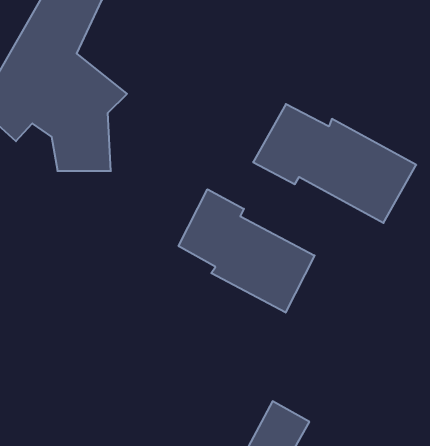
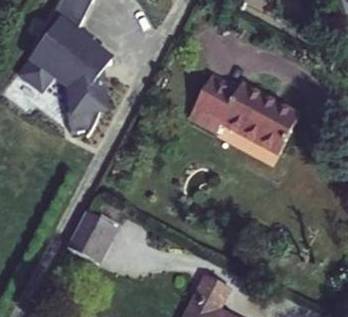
building: [179,189,315,313] -> none
building: none -> [69,210,120,263]

